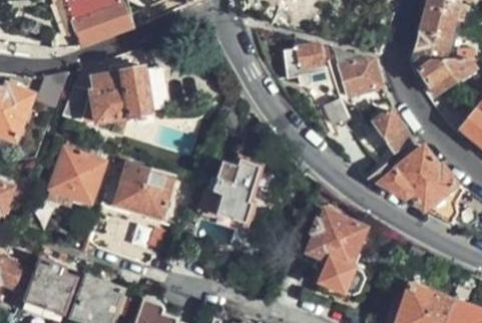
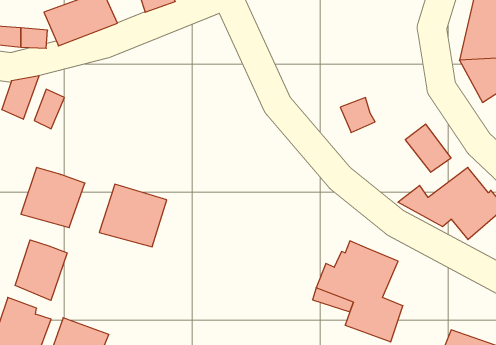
building: [274,36,327,79] -> none
building: [333,49,382,96] -> none
building: [90,67,150,123] -> none
building: [199,158,259,222] -> none
building: none -> [15,240,67,300]

